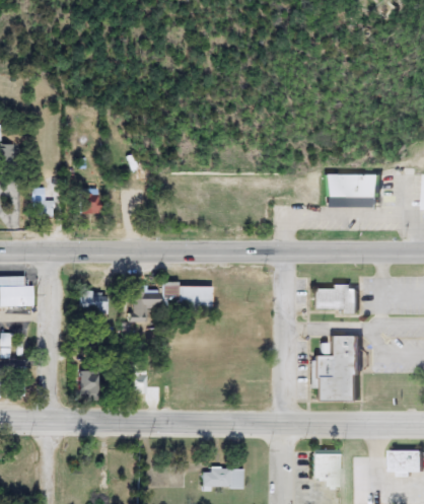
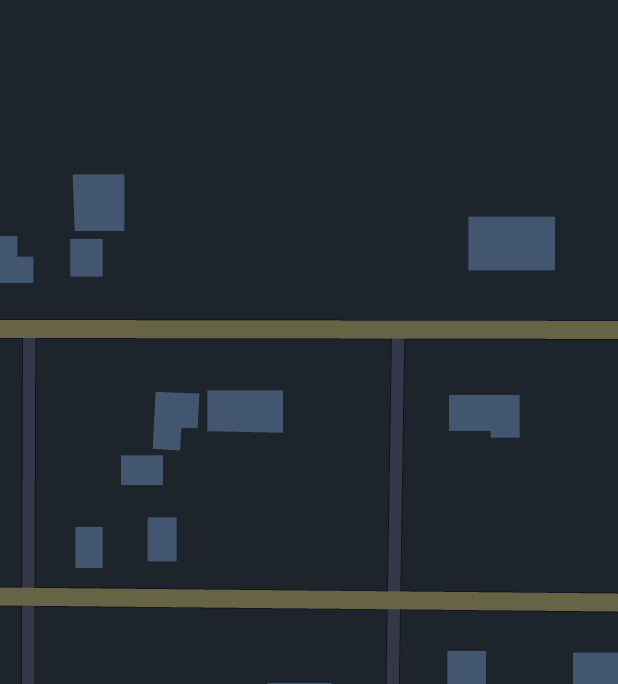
building: none -> [72,174,125,232]
building: [79,291,107,310] -> [120,455,164,485]
building: [313,335,361,401] -> none

